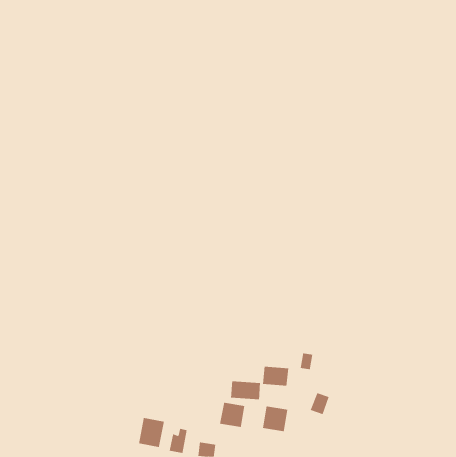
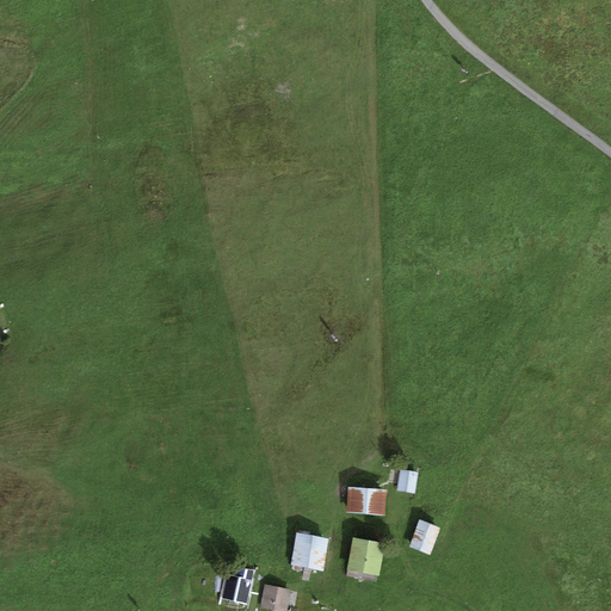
building: [230,380,261,400] -> none
building: [139,417,164,448] -> none

